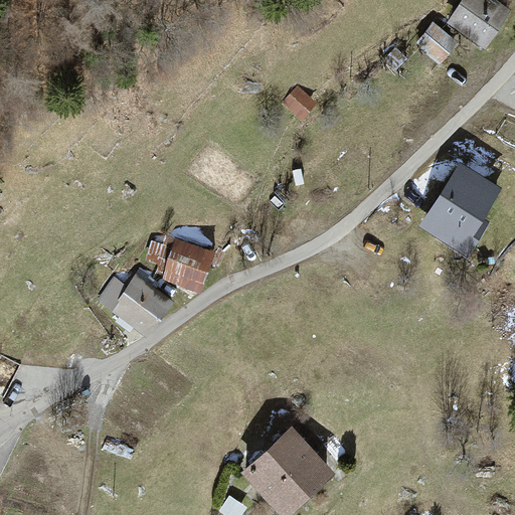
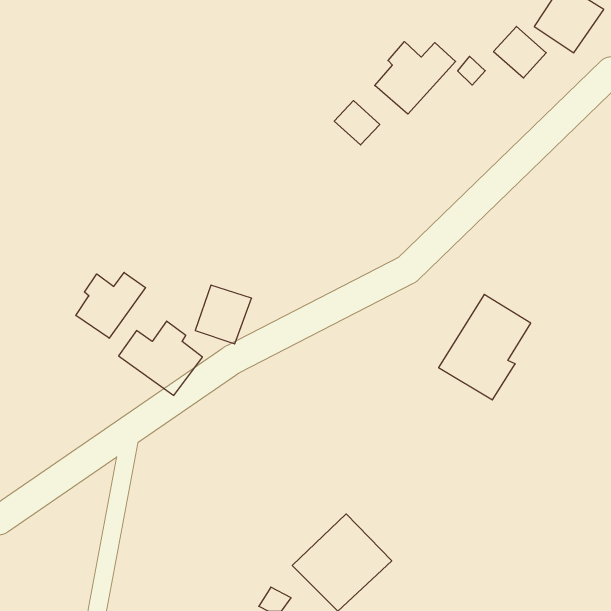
building: none -> [375,42,456,114]
building: [421,164,499,252] -> [439,294,531,400]
building: none -> [76,272,146,338]

